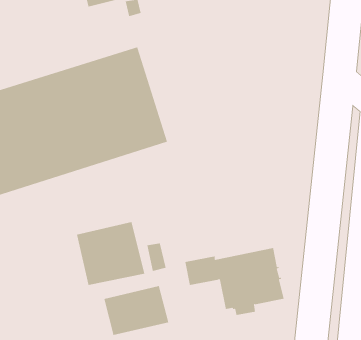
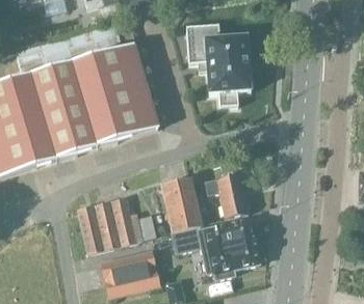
building: none -> [186,25,252,107]
building: none -> [206,174,249,219]
building: none -> [162,179,203,232]

